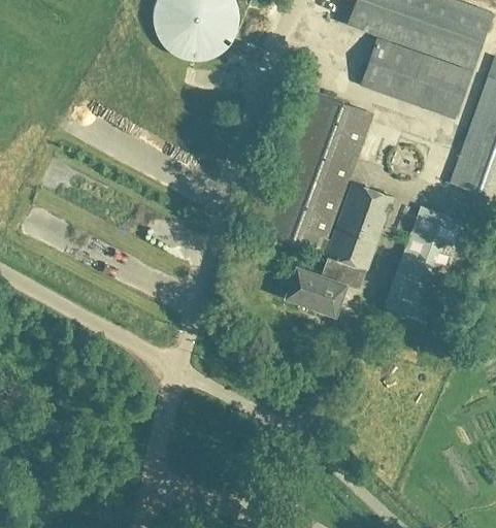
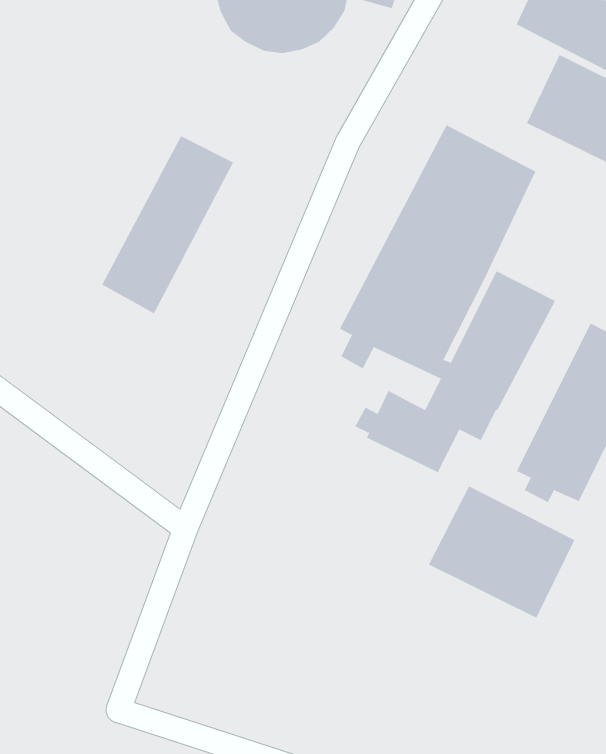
building: none -> [102,135,234,314]
building: none -> [428,486,575,619]

